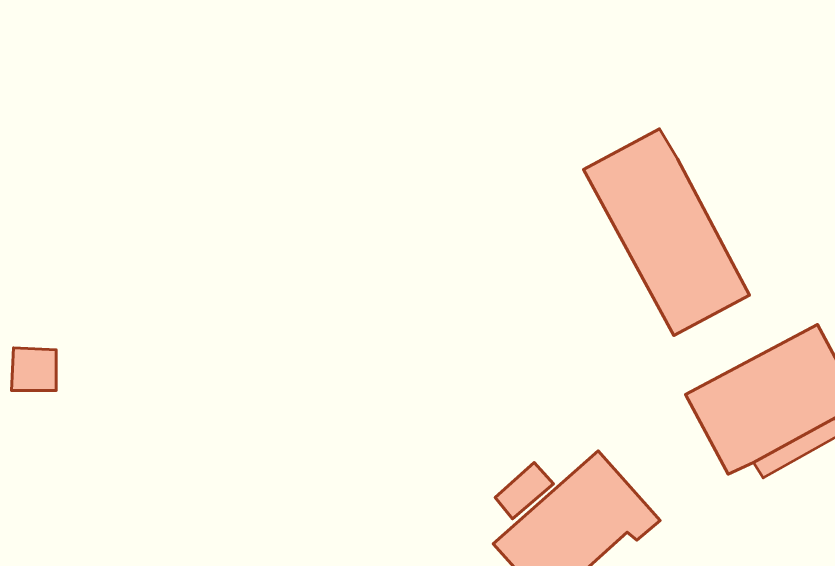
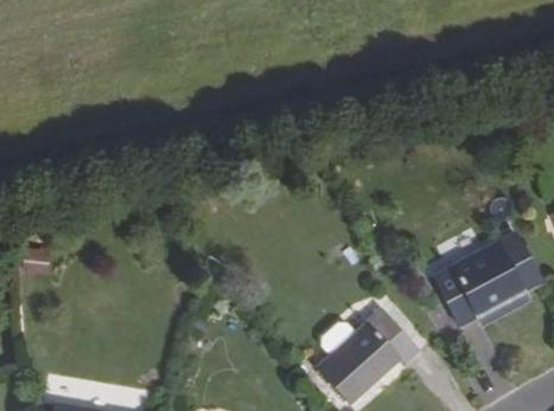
building: [584,129,750,336] -> none

